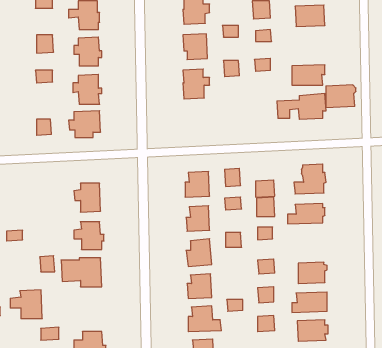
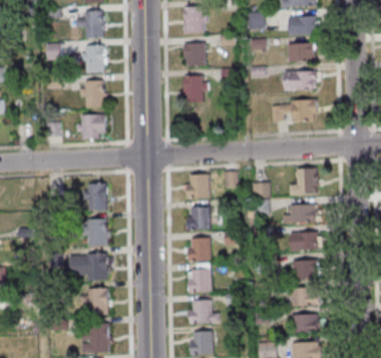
building: [326,85,356,107] -> [289,43,317,64]
building: none -> [290,230,318,250]
building: [10,290,42,319] -> [78,288,108,315]

